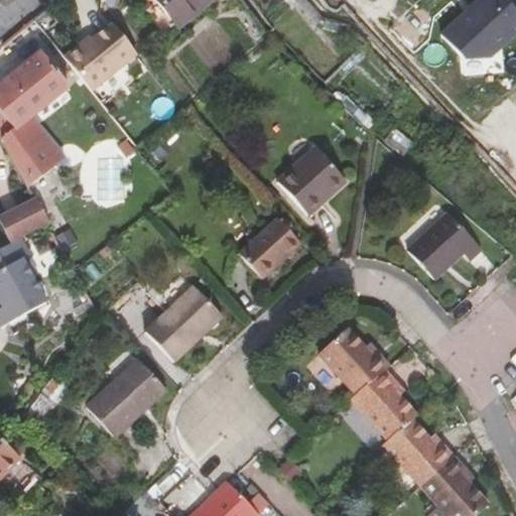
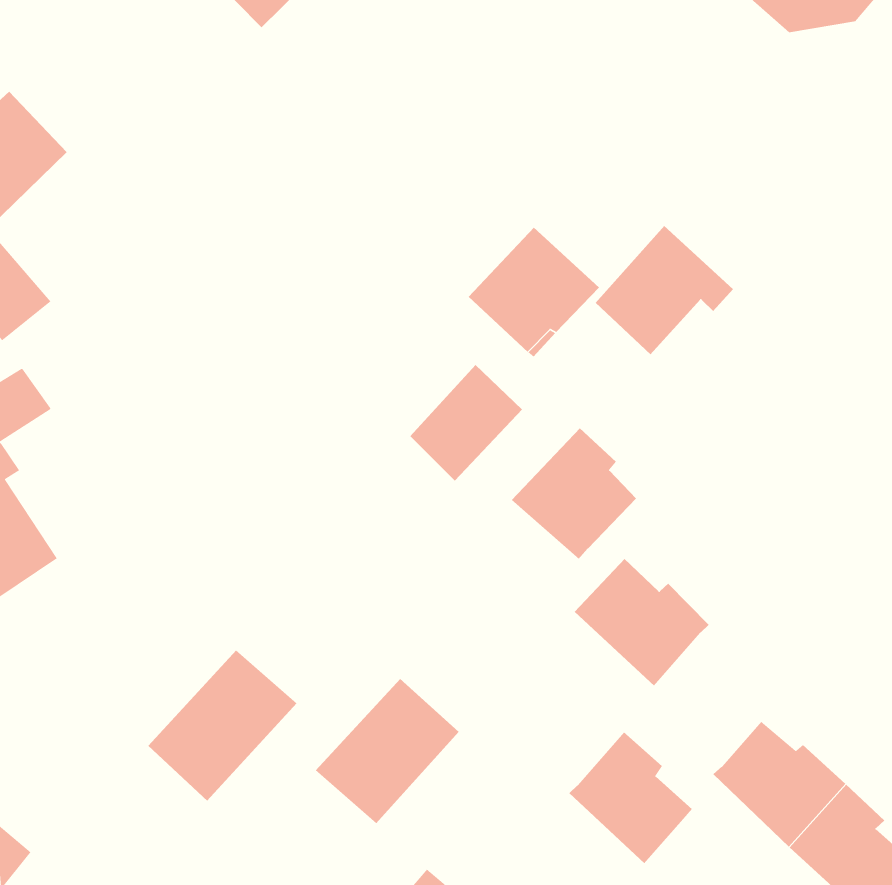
building: [63,22,135,92] -> none
building: [407,211,482,279] -> [595,225,734,355]
building: none -> [511,428,637,560]
building: [144,284,223,361] -> [315,678,460,824]
building: [353,370,418,441] -> [568,732,693,864]

